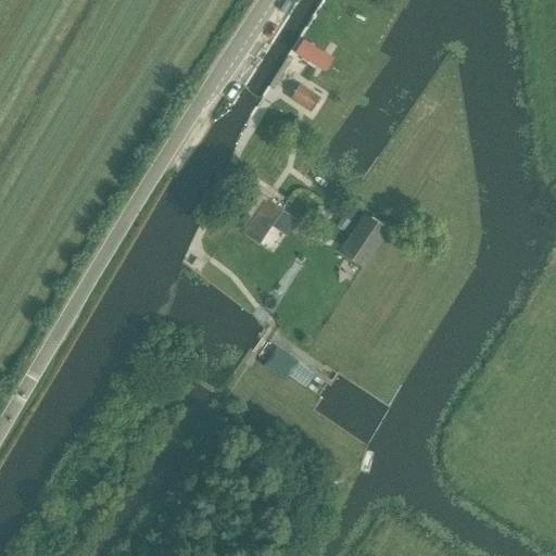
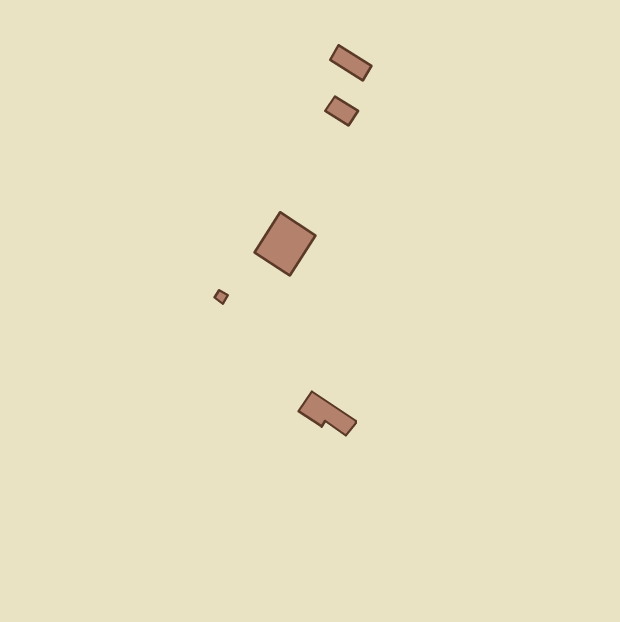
building: [341,215,390,268] -> none

